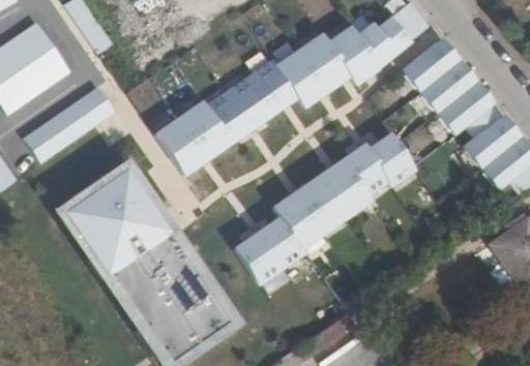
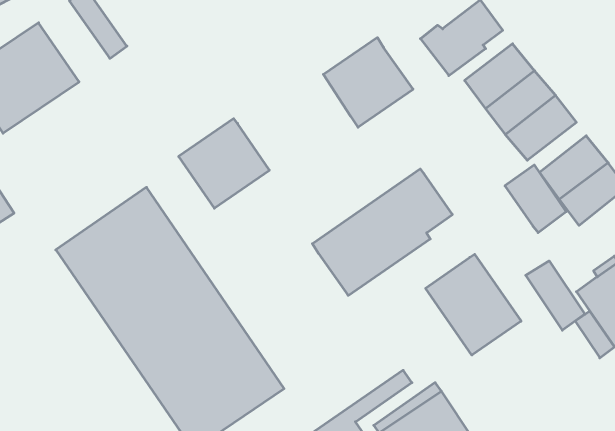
building: [329,25,384,84] -> none
building: [206,59,301,145] -> none
building: [24,85,117,163] -> none
building: [363,130,415,187] -> [505,165,566,233]
building: [229,215,301,286] -> none
building: none -> [426,254,521,355]
building: none -> [526,261,585,330]

